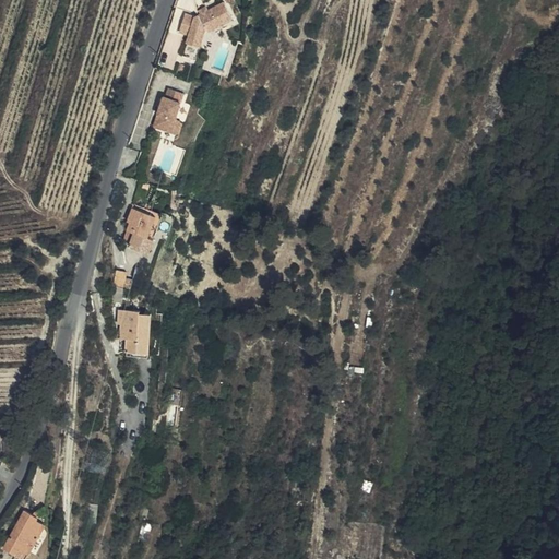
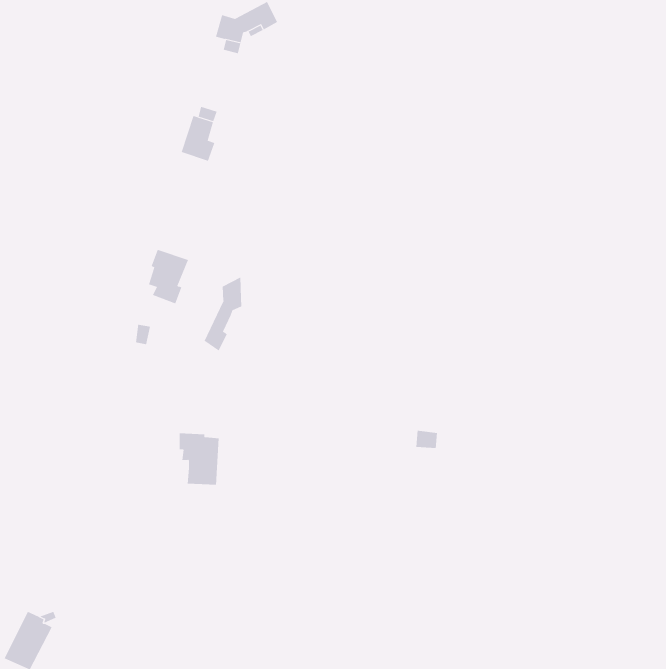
building: none -> [204,277,242,352]
building: [117,310,151,354] -> [179,433,219,485]

